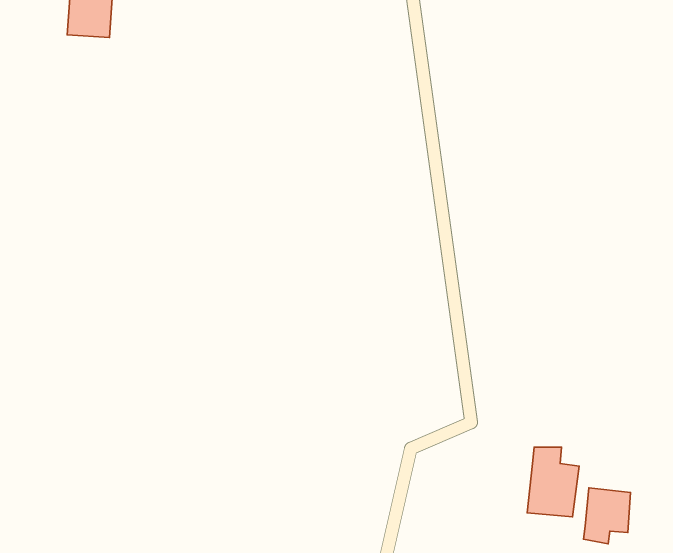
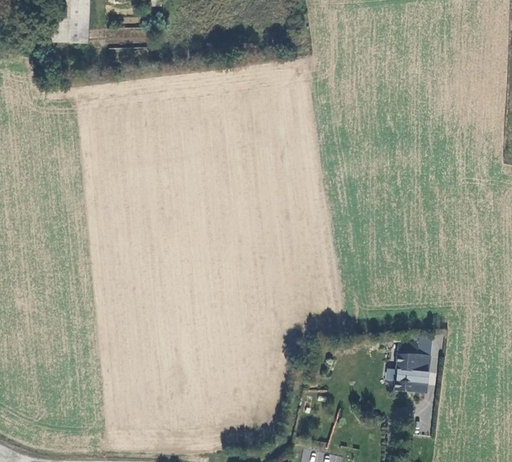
building: [583,488,630,544] -> none

